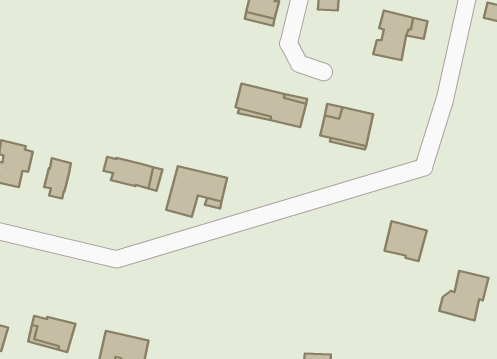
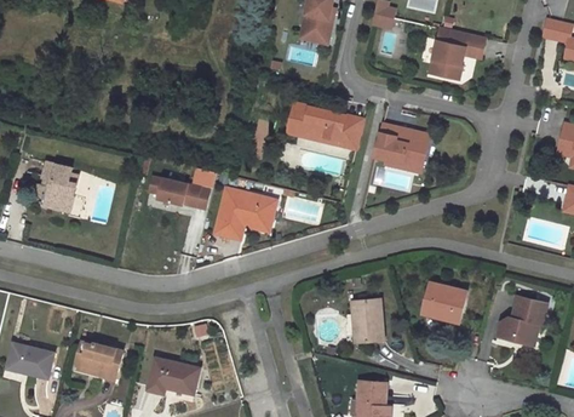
building: [44,158,71,198] -> none
building: [384,221,427,261] -> [423,281,466,322]
building: none -> [350,298,383,341]

